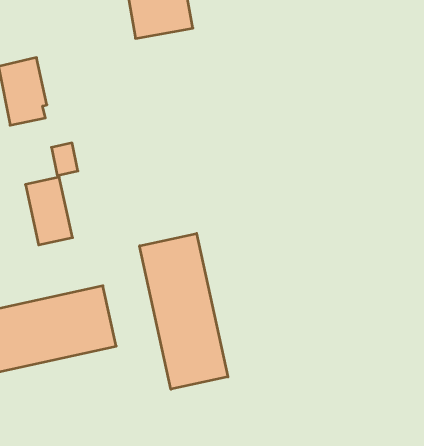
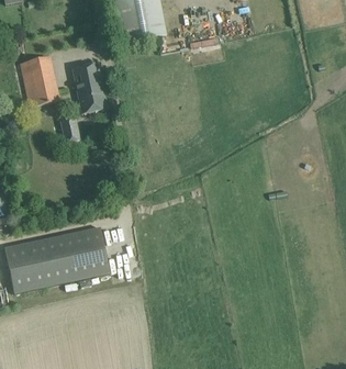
building: [25,177,73,245] -> [71,63,107,113]
building: [140,233,228,389] -> none

